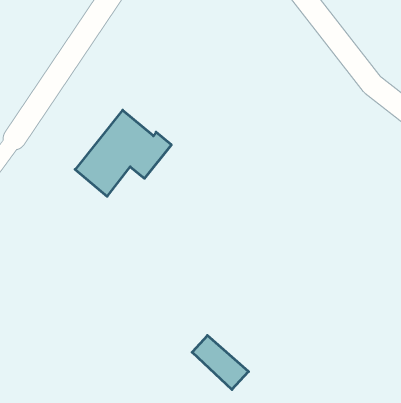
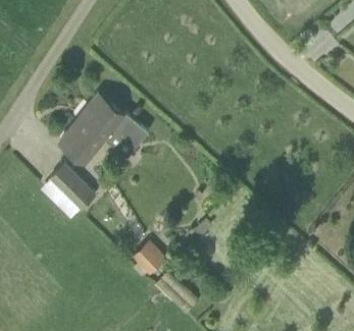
building: none -> [51,165,96,210]
building: none -> [134,240,170,277]

